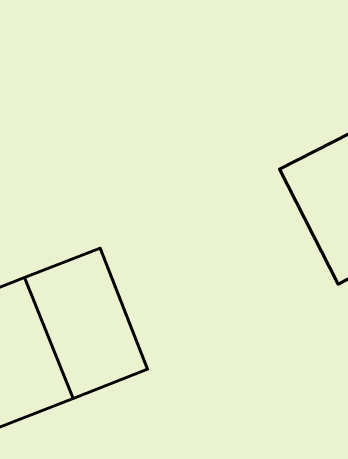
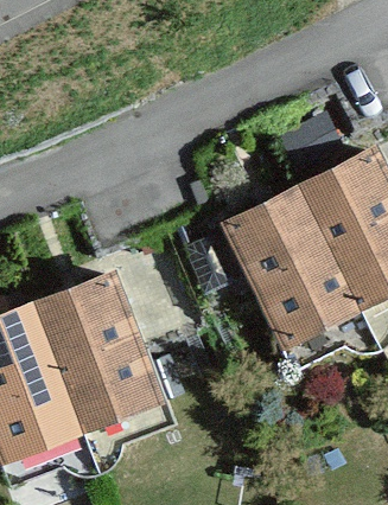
building: none -> [222,188,362,350]

